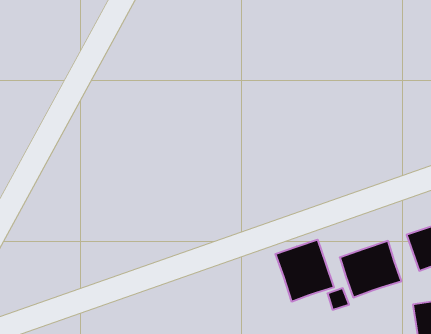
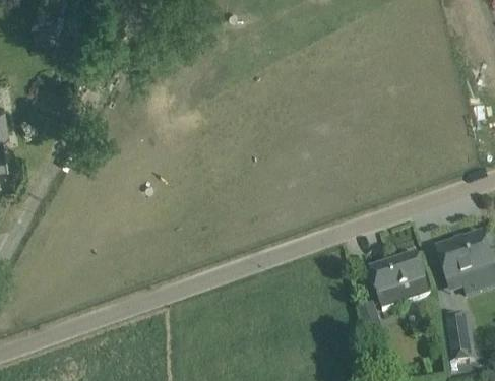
building: [275,240,334,302] -> none

